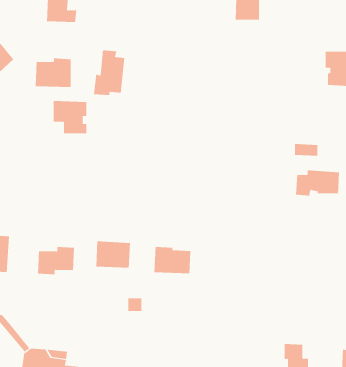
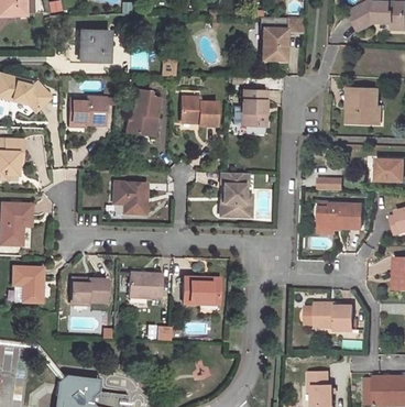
building: none -> [241,90,266,125]
building: none -> [180,98,217,125]
building: [53,101,87,134] -> [114,183,147,214]
building: none -> [219,172,248,216]
building: none -> [305,304,354,331]

